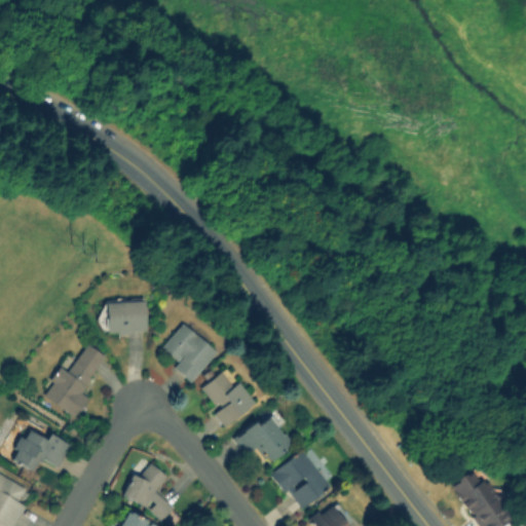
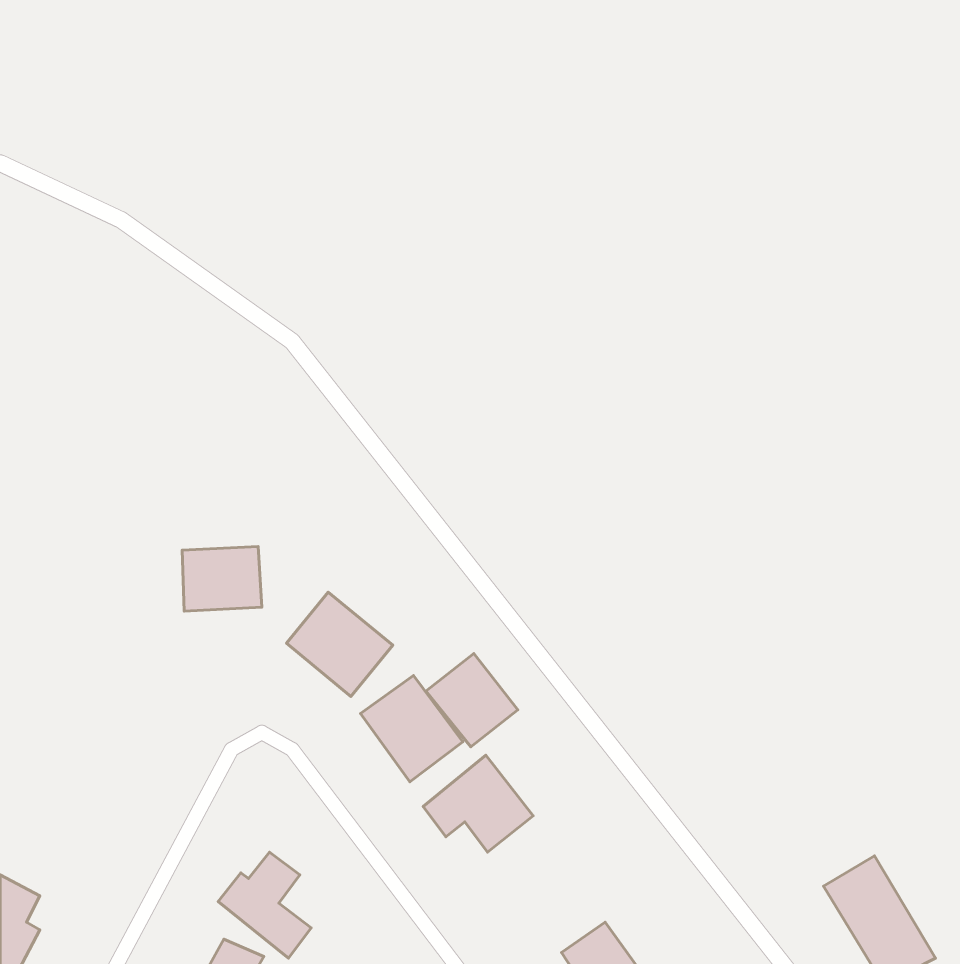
building: [42,344,108,414] -> none
building: none -> [426,653,518,747]
building: [11,430,71,472] -> none
building: [271,450,332,512] -> none

